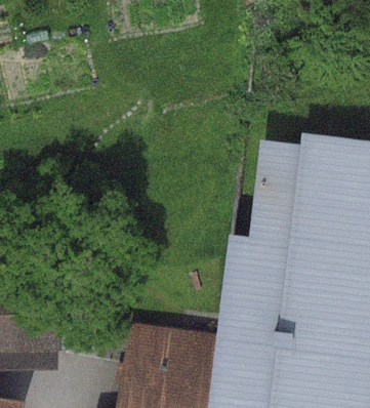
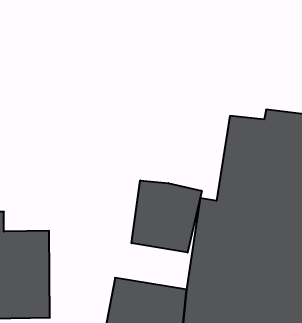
building: none -> [132,180,202,253]

